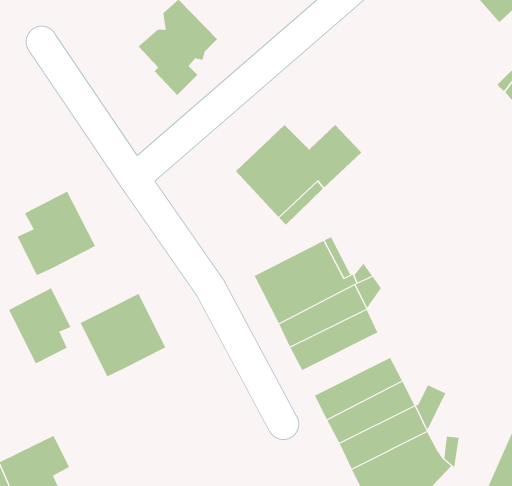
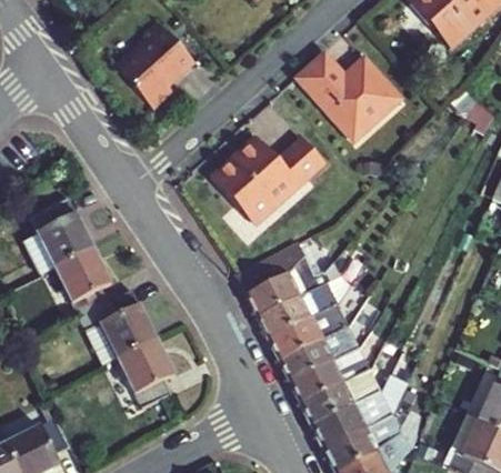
building: none -> [300,51,403,134]
building: [8,288,71,364] -> [52,248,109,316]
building: none -> [277,325,357,382]
building: none -> [116,339,172,407]

